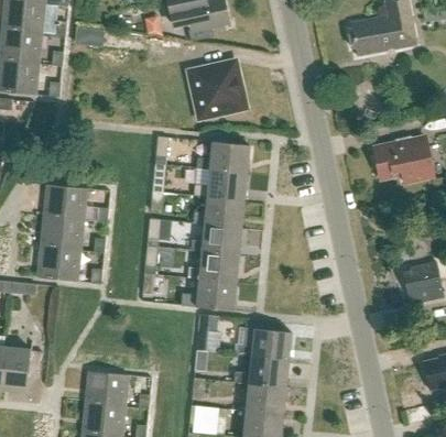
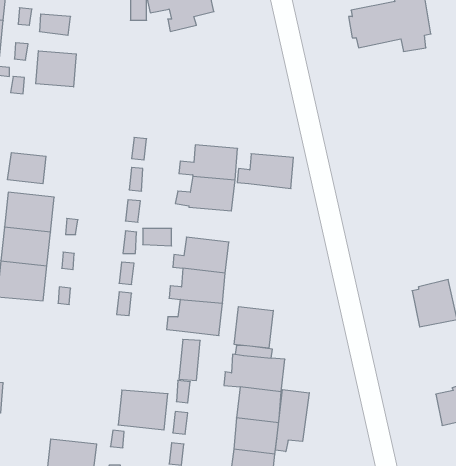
building: none -> [36,51,76,87]
building: [189,62,244,117] -> none
building: [374,138,433,183] -> none
building: none -> [8,153,46,184]
building: [195,197,244,228] -> [237,154,293,189]
building: none -> [234,307,273,348]
building: none -> [276,390,309,452]
building: [85,371,129,406] -> [118,390,168,430]

